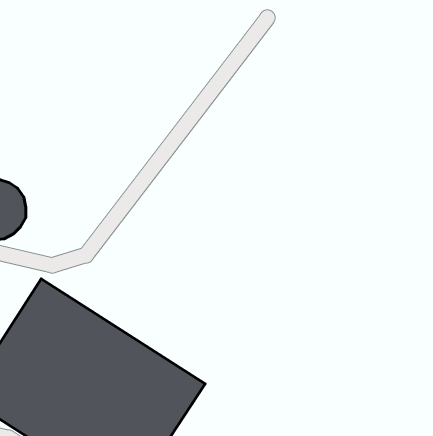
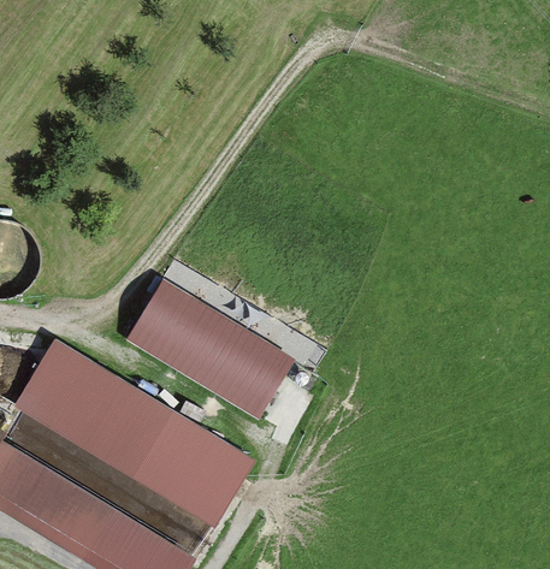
building: none -> [125,273,297,416]

